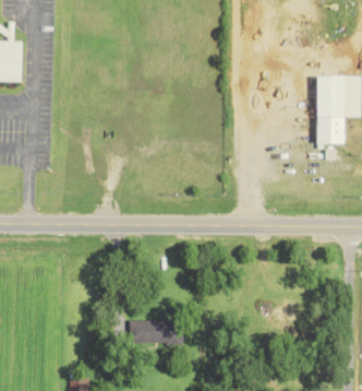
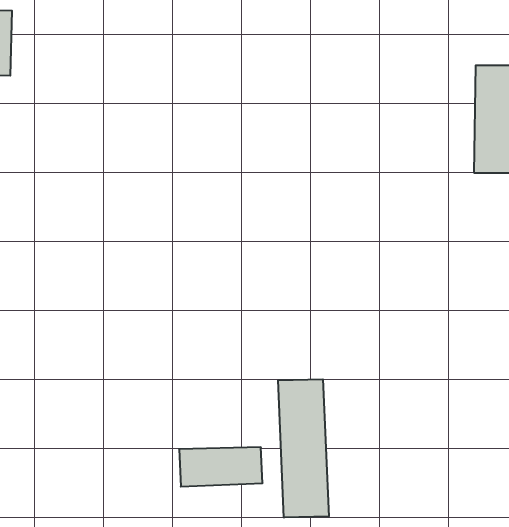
building: none -> [278,379,329,518]

